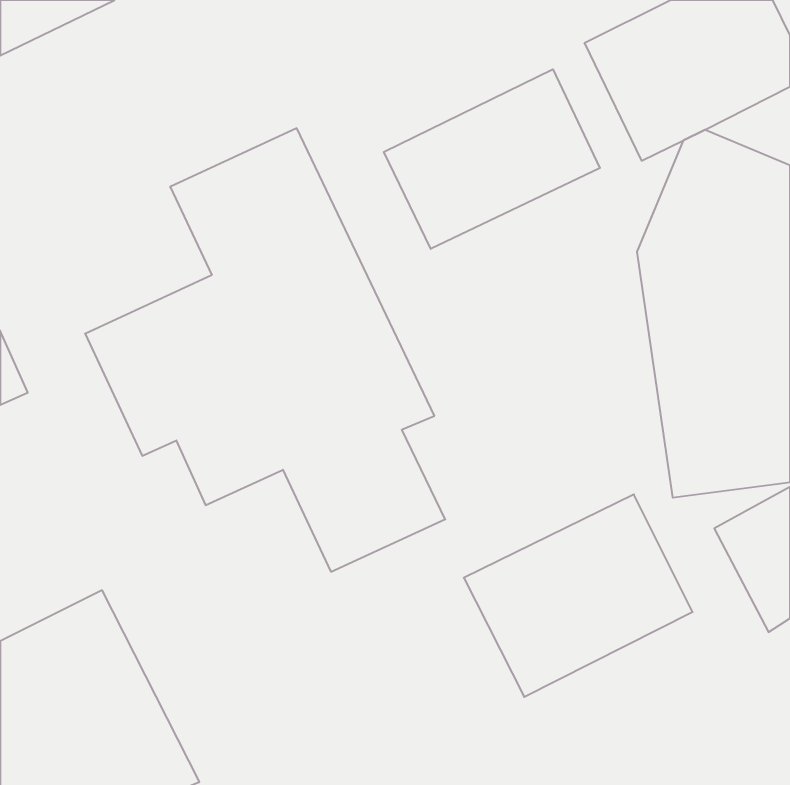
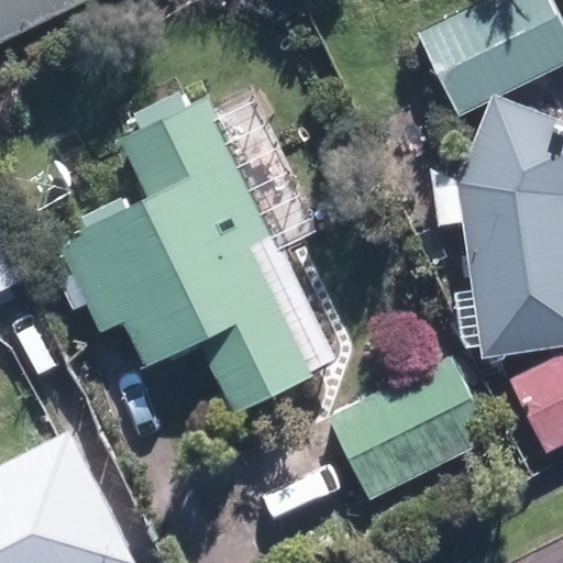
building: [384,69,600,249] -> none

